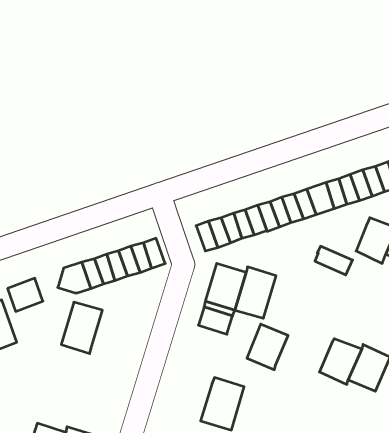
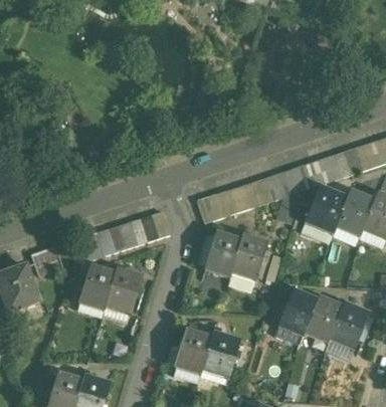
building: none -> [307,187,347,229]
building: none -> [105,269,142,315]
building: [247,324,288,370] -> [280,291,317,332]
building: none -> [175,330,211,376]

